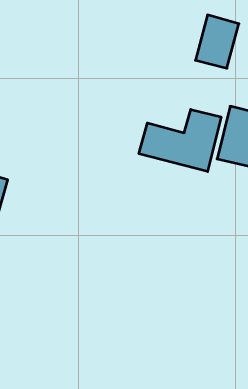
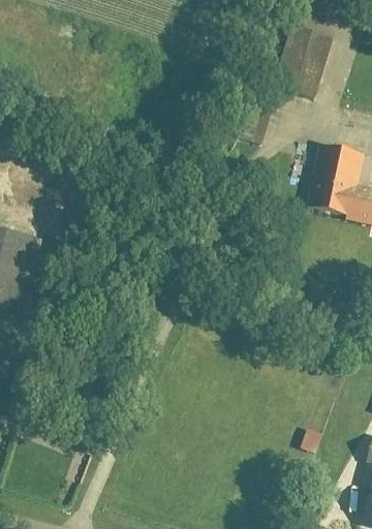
building: [139,109,221,172] -> none

